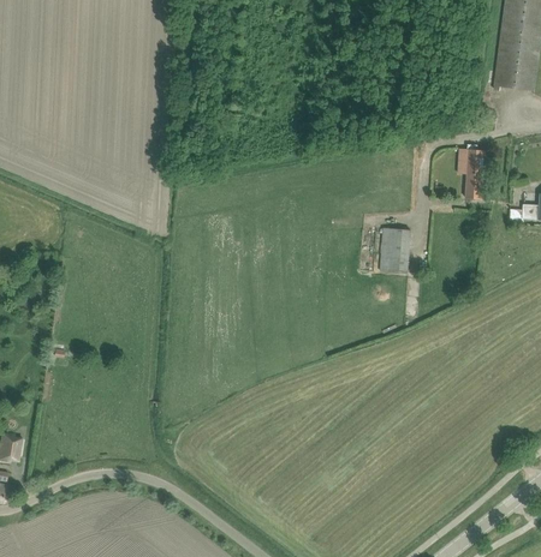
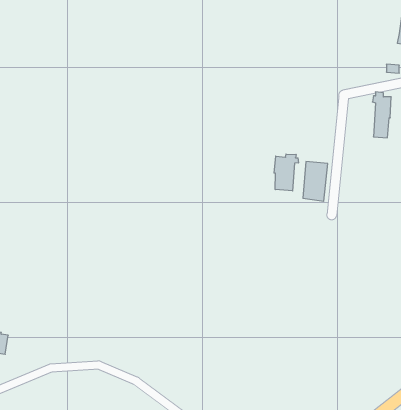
building: none -> [274,154,298,191]

